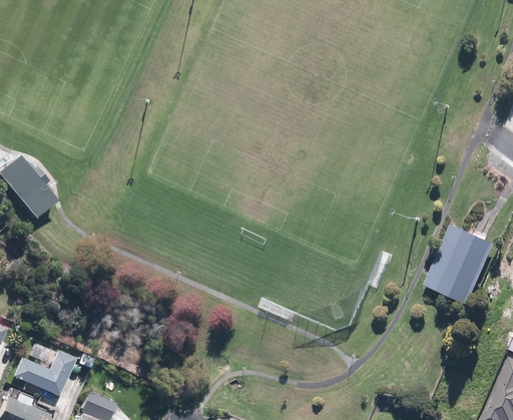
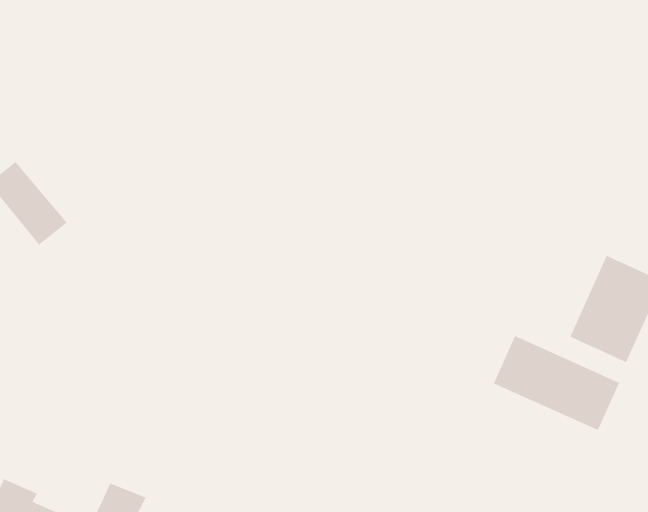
building: none -> [493,335,620,431]
building: [13,349,75,396] -> none

